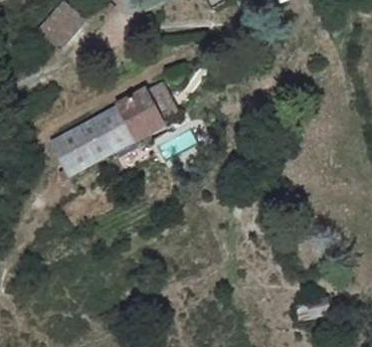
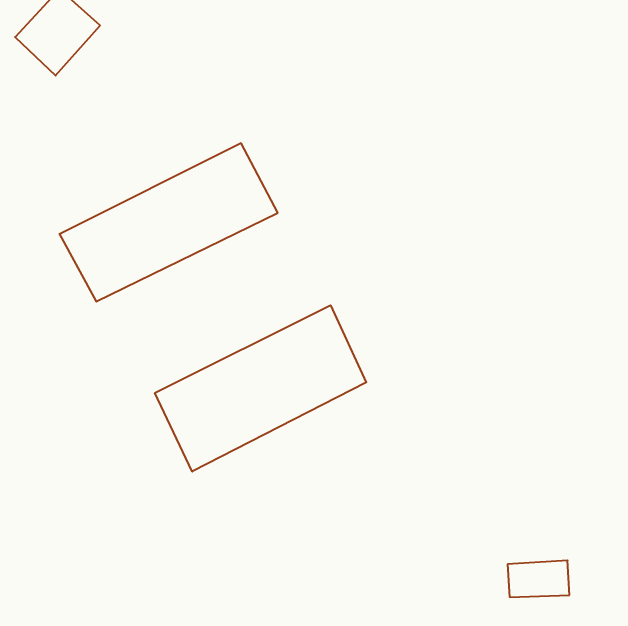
building: none -> [155,305,366,472]

